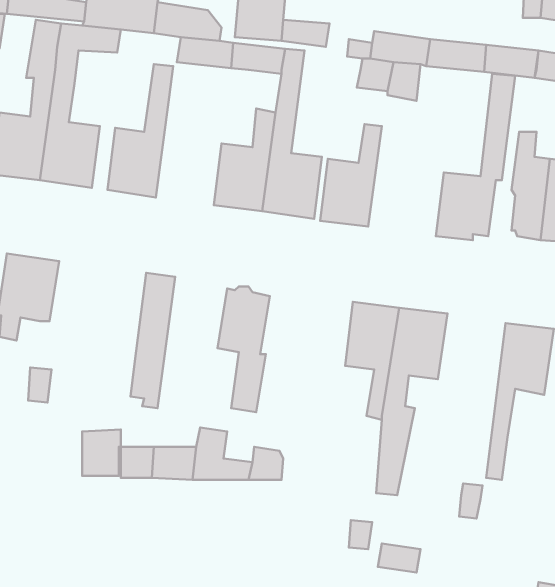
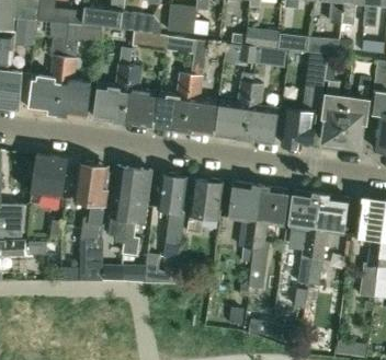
building: none -> [122,67,156,127]
building: none -> [242,83,277,144]
building: none -> [75,162,106,239]
building: none -> [122,169,151,255]
building: none -> [186,179,223,234]
building: none -> [290,191,320,282]

